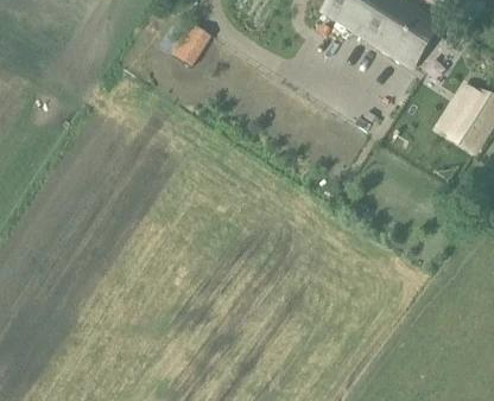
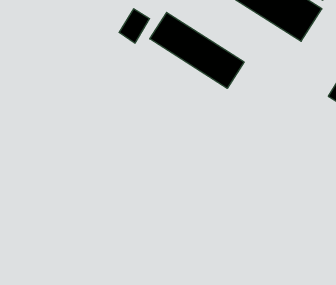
building: none -> [150,12,244,88]

